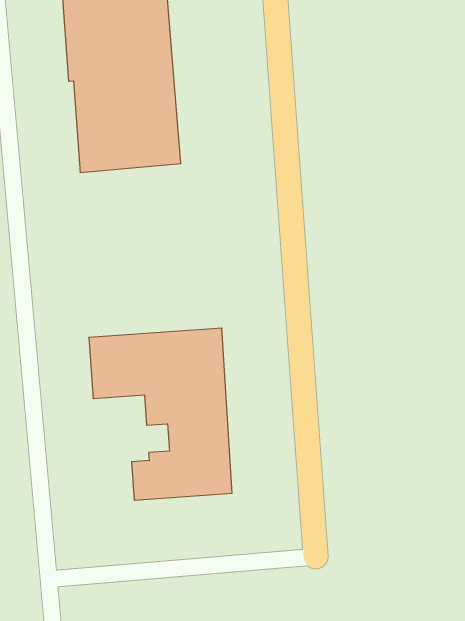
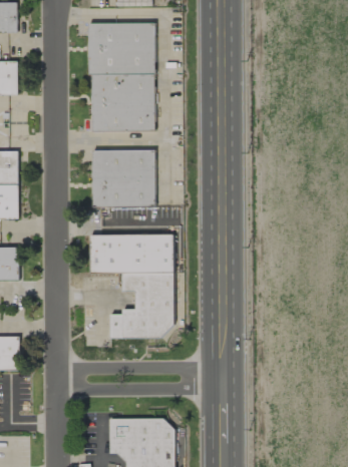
building: none -> [93,148,155,207]

